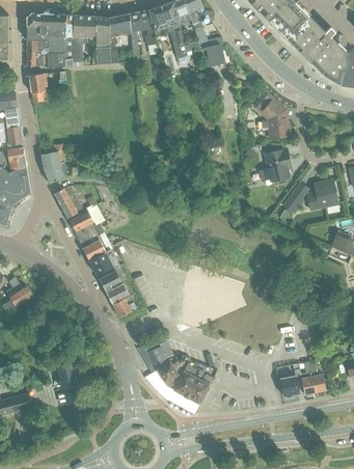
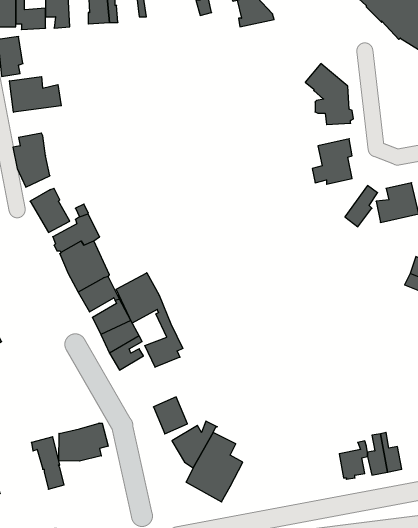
building: none -> [10,77,61,112]
building: none -> [116,273,183,367]
building: none -> [59,423,108,461]

